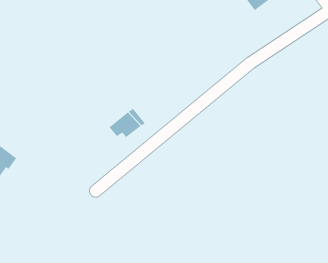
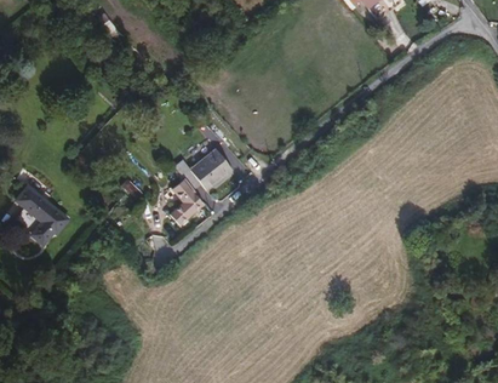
building: none -> [171,177,200,224]

